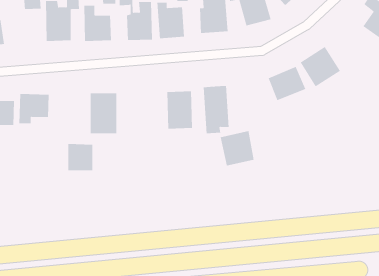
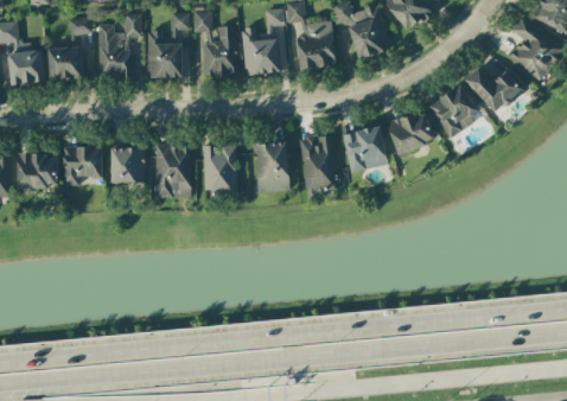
building: none -> [47,46,82,79]
building: none -> [464,68,521,114]
building: none -> [202,145,235,193]
building: [220,131,255,166] -> [342,126,387,172]
building: [68,144,93,171] -> [110,147,144,183]

